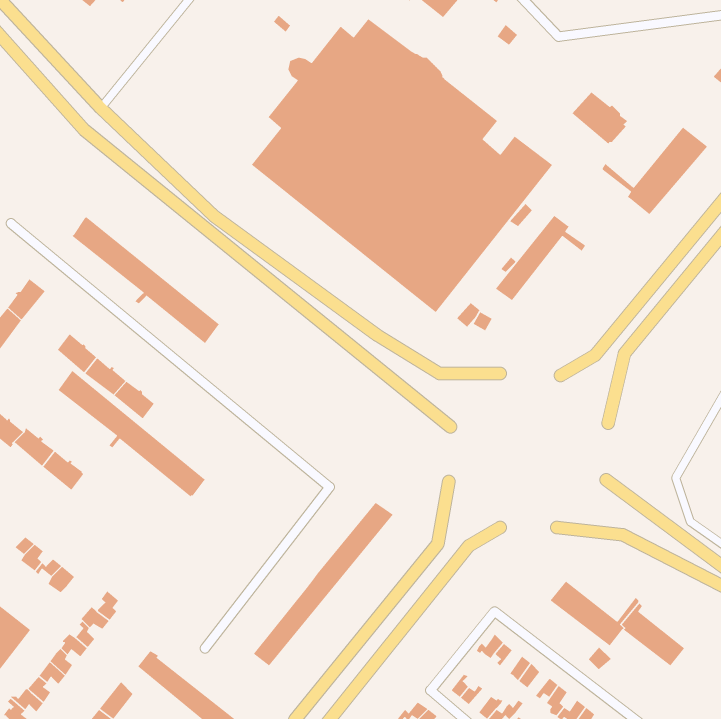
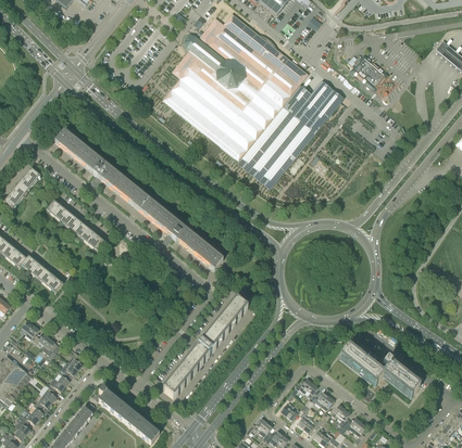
building: [602,126,708,215] -> none
building: [495,215,585,301] -> none
building: [58,370,206,498] -> [135,194,223,270]

